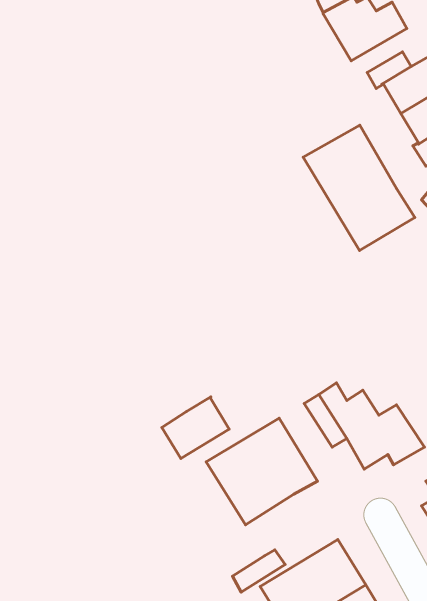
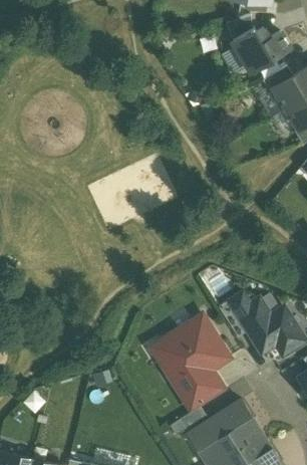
building: [303,125,415,251] -> none
building: [162,397,229,459] -> none
building: none -> [180,369,227,411]

